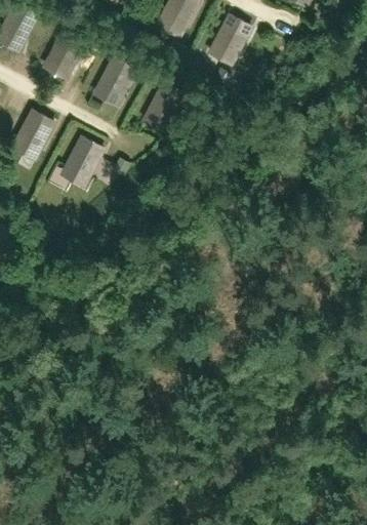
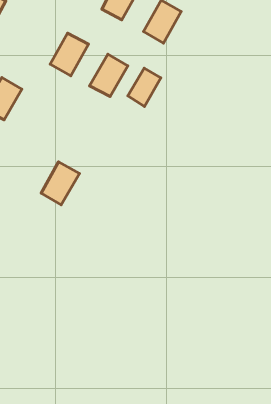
building: [40,27,87,79] -> none
building: none -> [128,68,161,106]
building: [57,136,105,190] -> [41,162,79,205]

